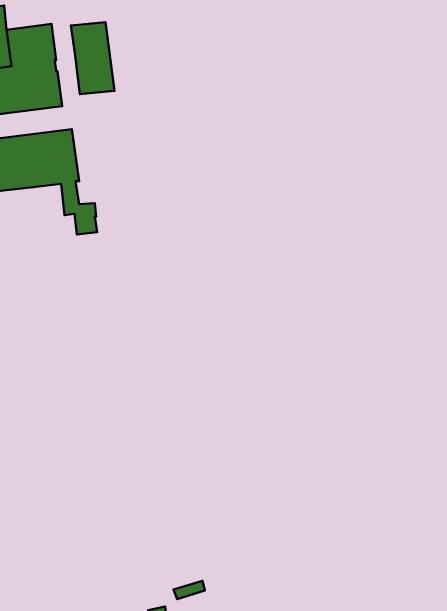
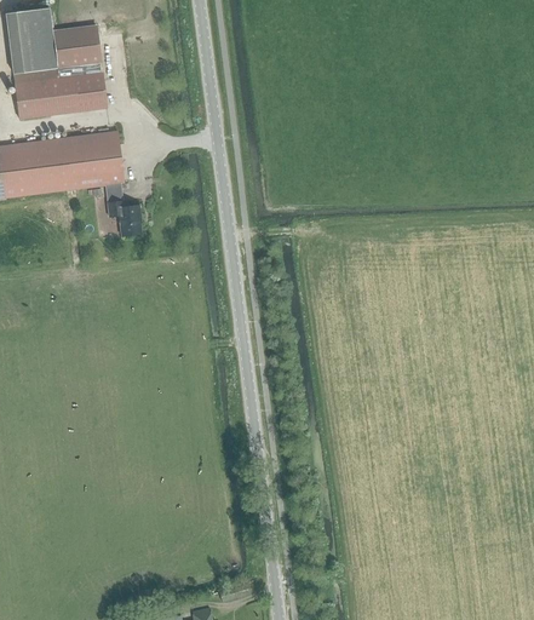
building: [71,22,115,94] -> none

